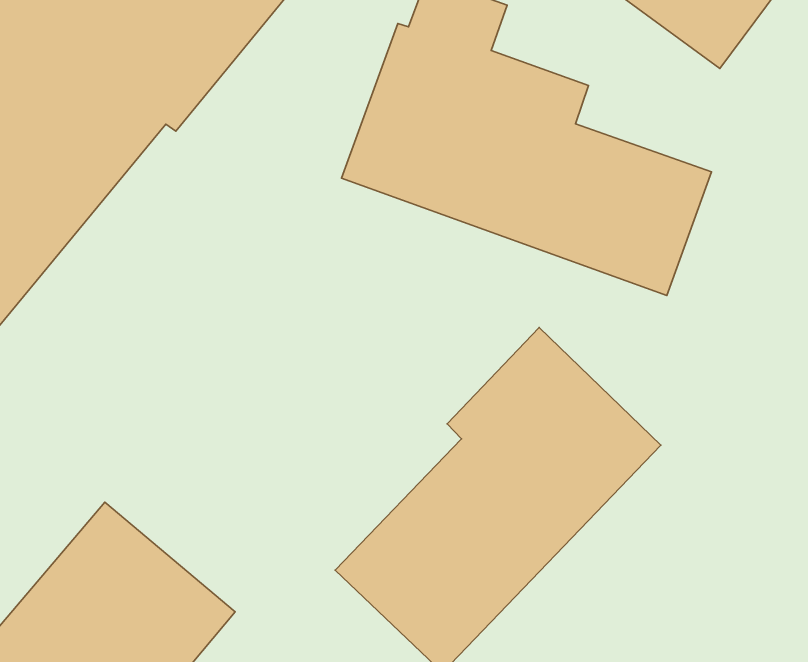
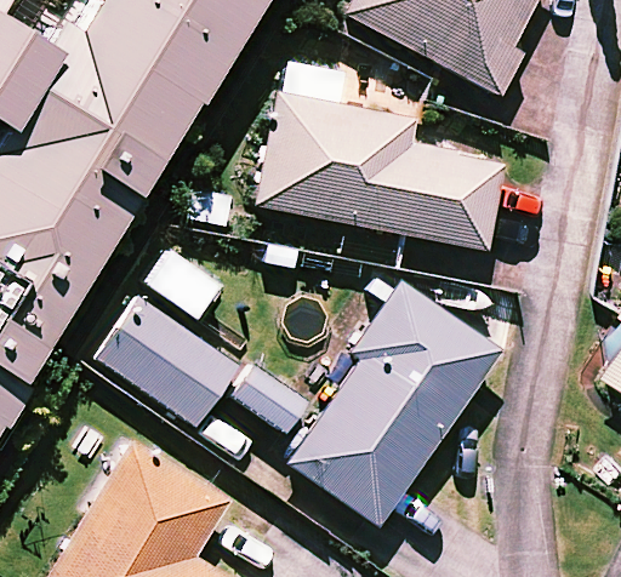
building: none -> [98,285,308,432]

